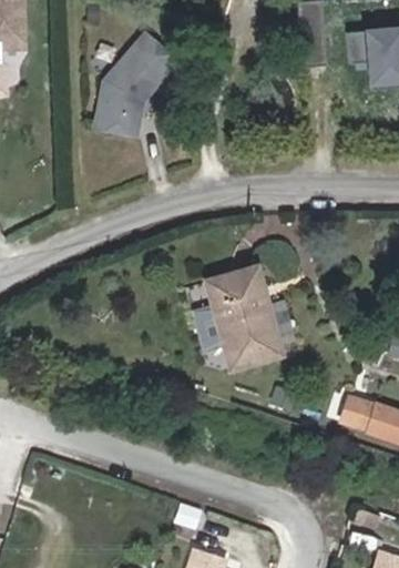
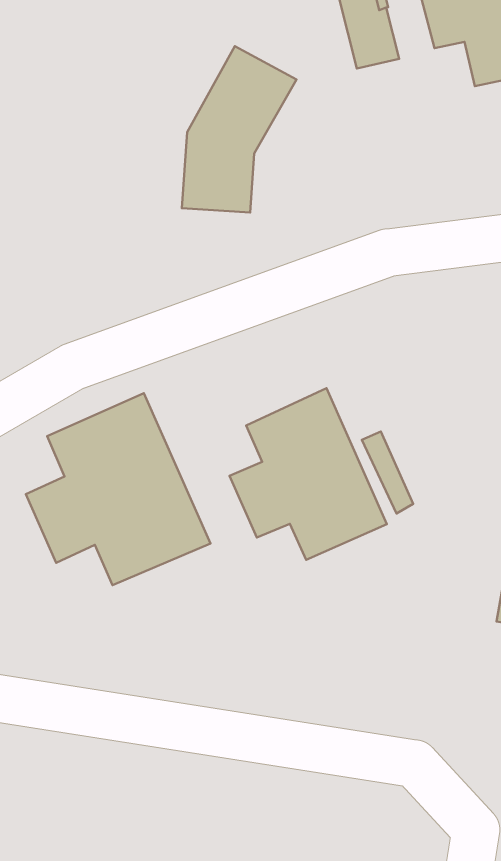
building: [94,30,175,132] -> [182,46,297,213]
building: none -> [26,393,211,585]

